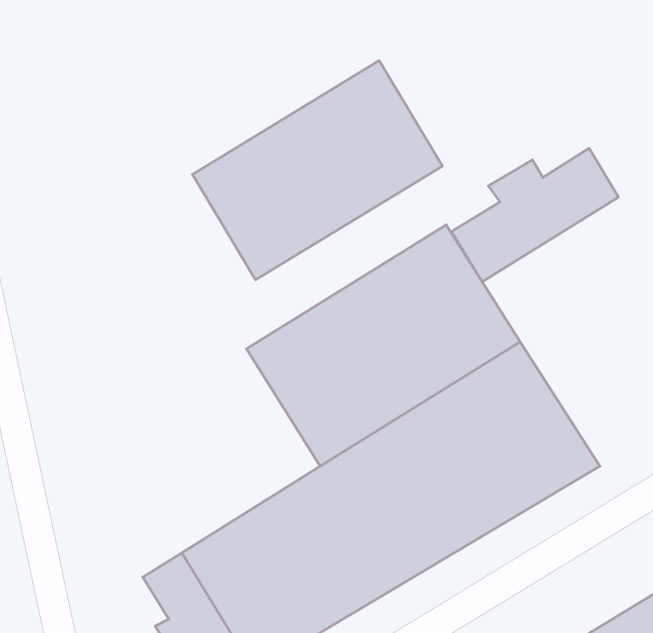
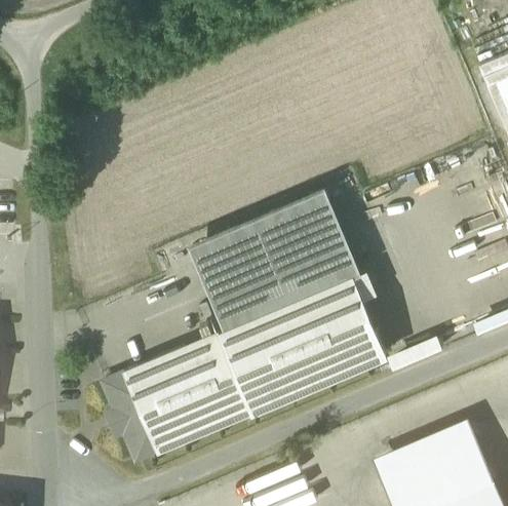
building: [192,61,442,280] -> none
building: [451,148,618,282] -> none

